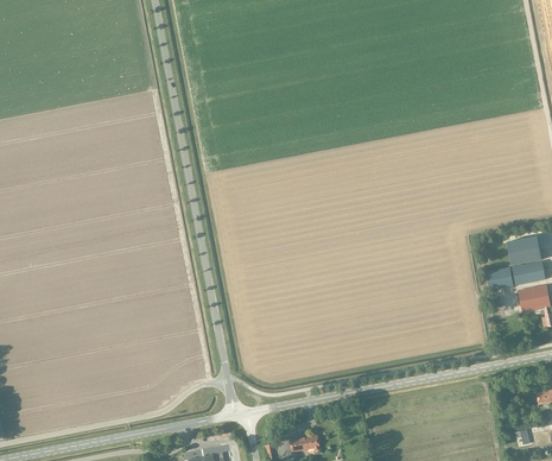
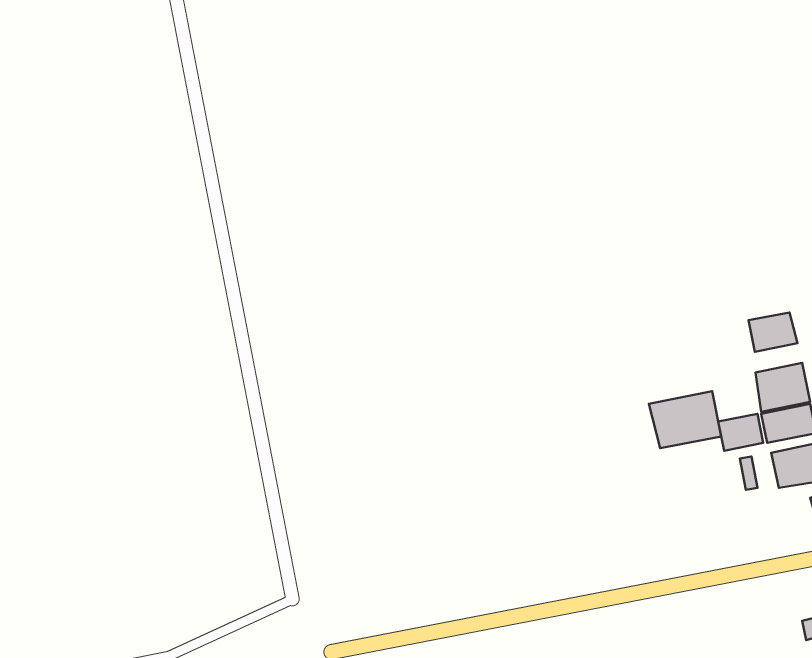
building: none -> [749,312,798,352]
building: none -> [649,391,721,448]

